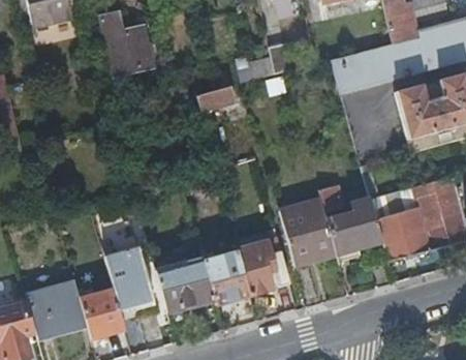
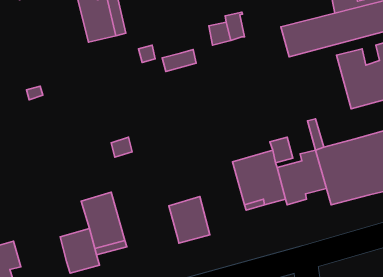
building: [238,240,290,294] -> none
building: [155,256,214,311] -> none
building: [26,279,88,337] -> none

